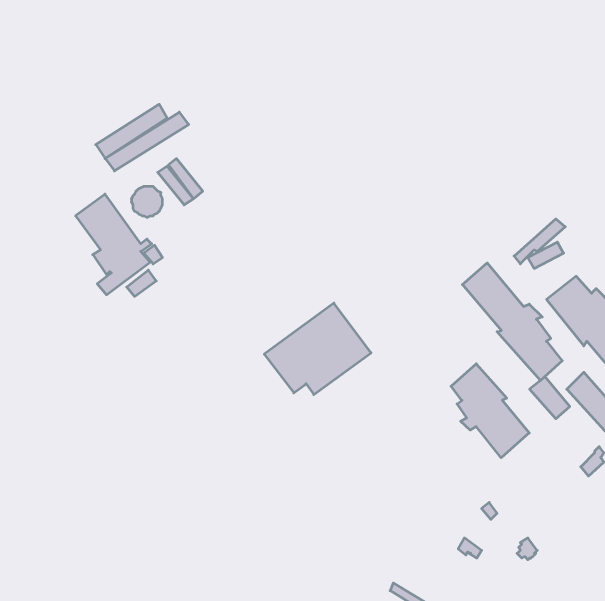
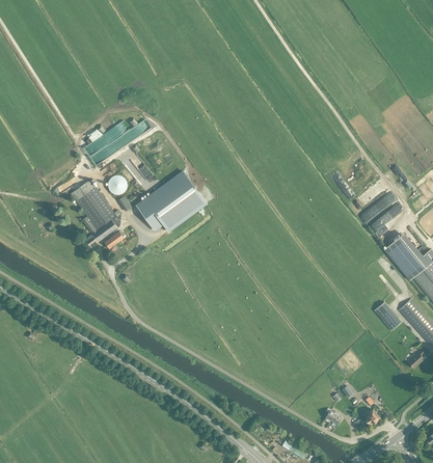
building: [462,263,562,381] -> none
building: [264,303,371,395] -> [135,169,207,230]
building: [451,364,529,458] -> none

